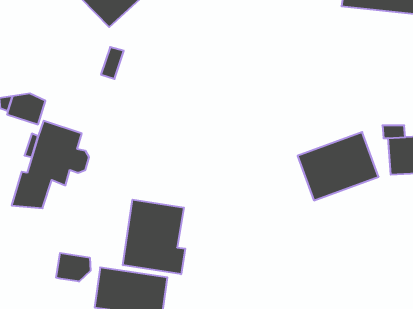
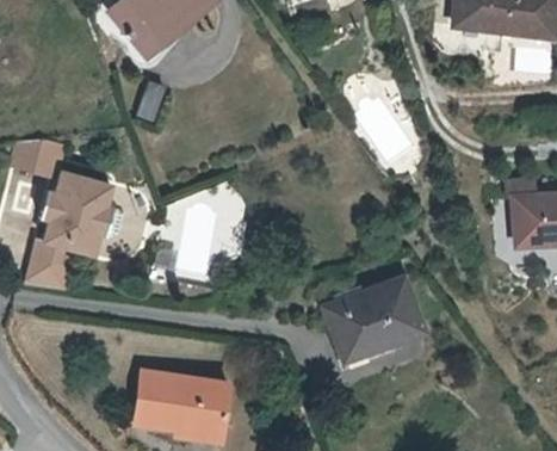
building: [298,132,379,200] -> [317,274,423,364]
building: [123,200,185,274] -> none
building: [56,253,90,282] -> none

